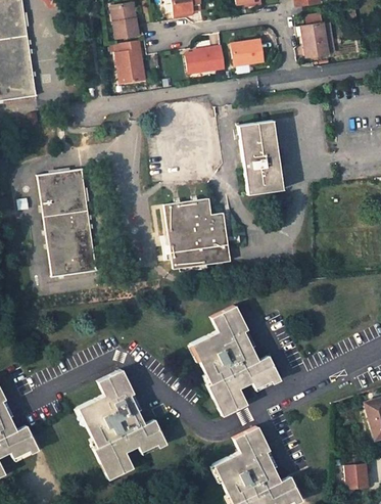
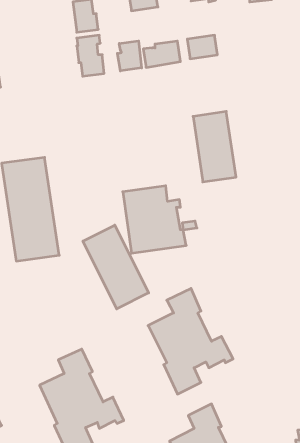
building: [303,14,328,57] -> none
building: none -> [117,41,142,71]
building: none -> [83,225,149,309]

